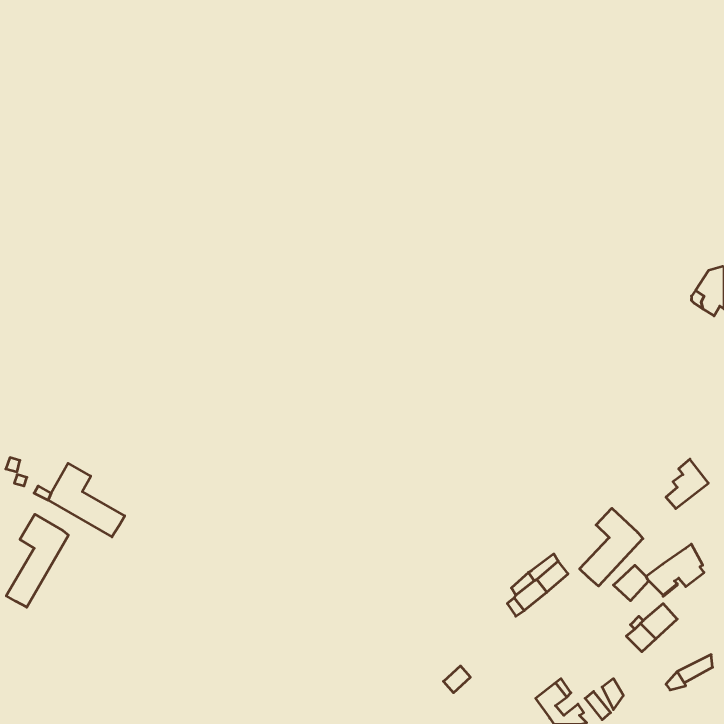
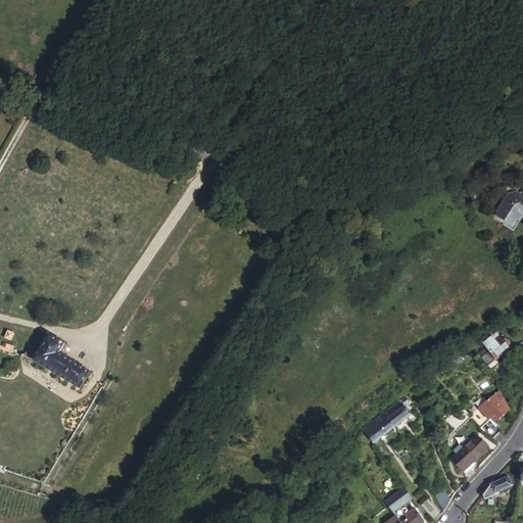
building: [580,508,643,586] -> none
building: [6,514,68,607] -> none

